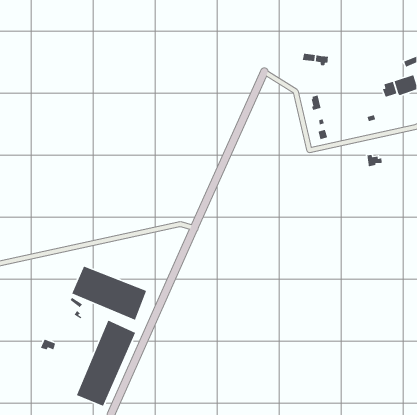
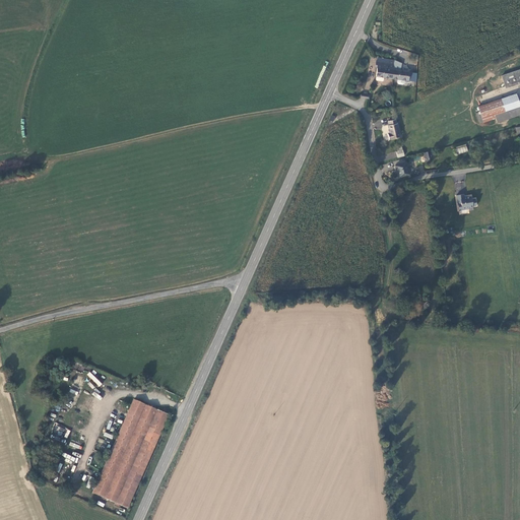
building: [71,265,147,321] -> none

